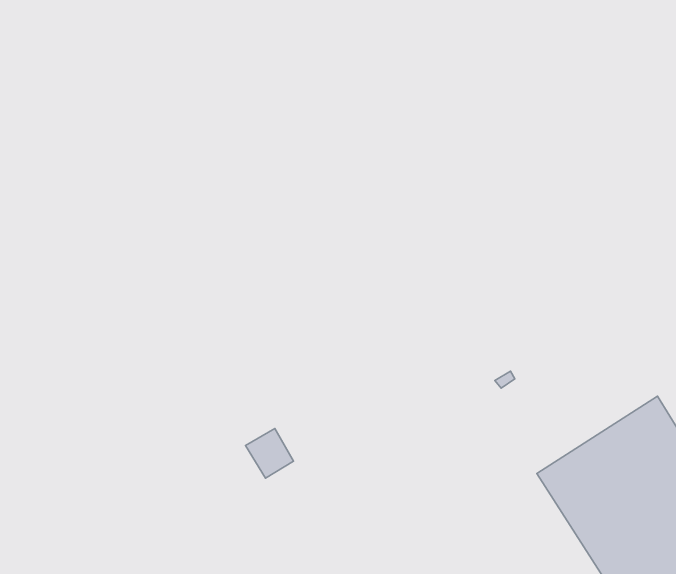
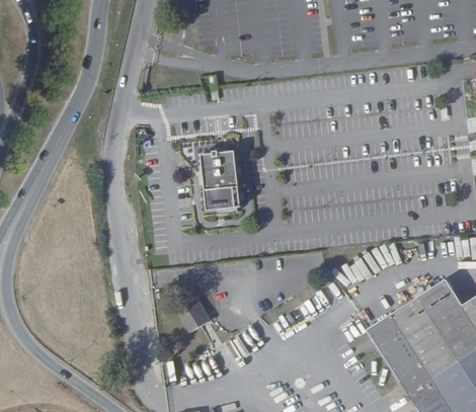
building: none -> [200,151,241,212]

